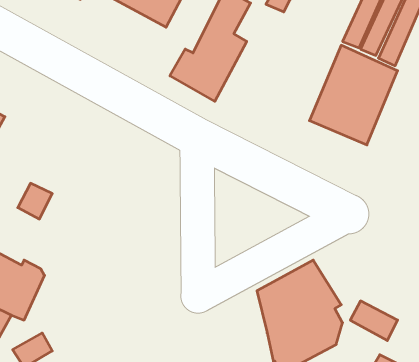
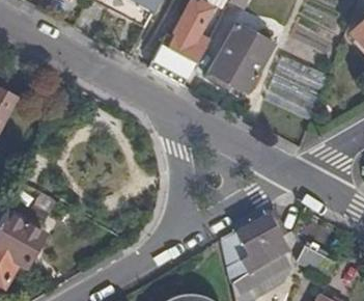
building: none -> [209,22,275,92]

